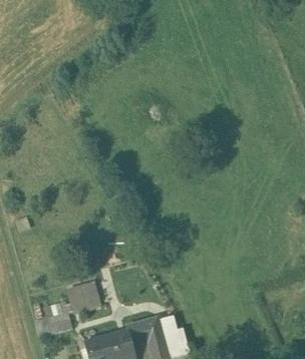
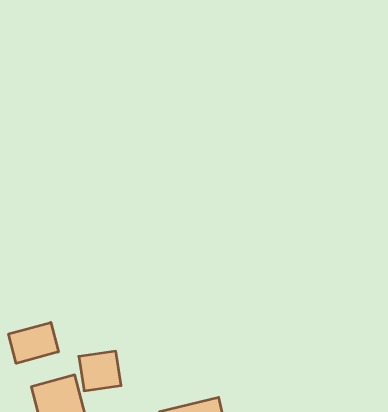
building: none -> [9,322,58,363]

